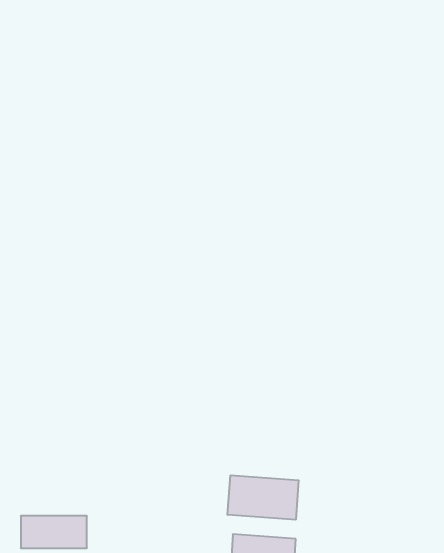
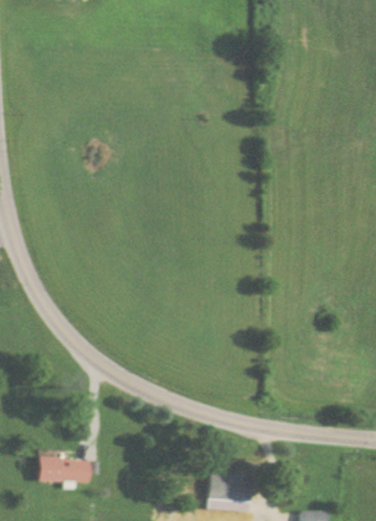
building: [228,475,299,520] -> none

